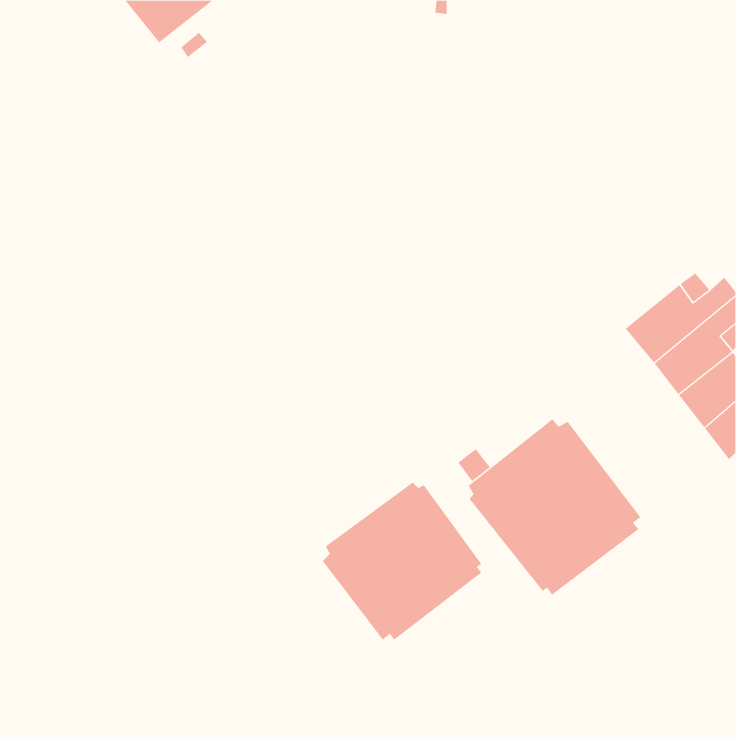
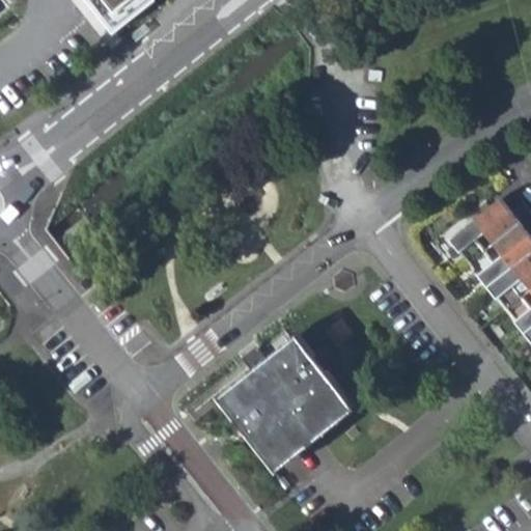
building: [468,418,641,595] -> none

